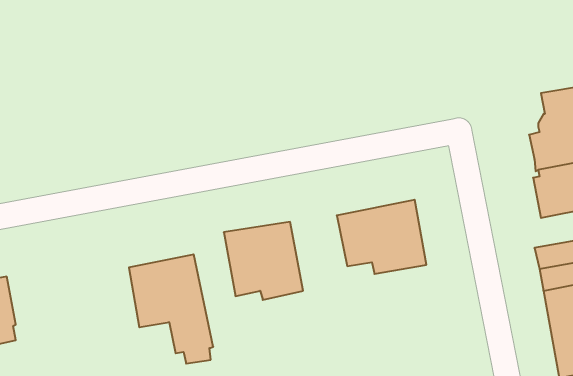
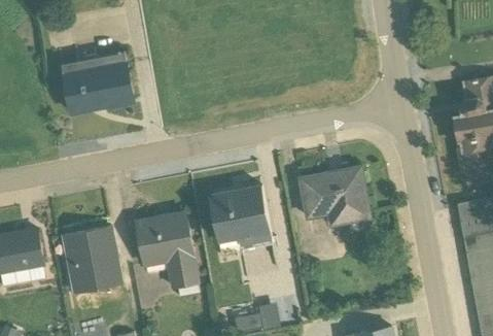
building: none -> [63,52,134,112]
building: none -> [61,225,124,293]

